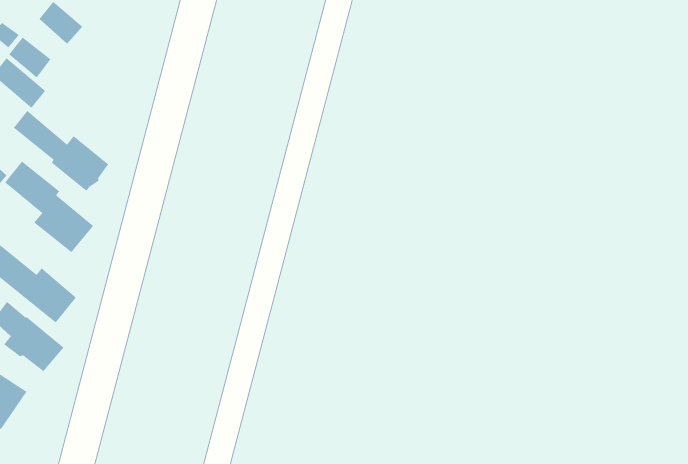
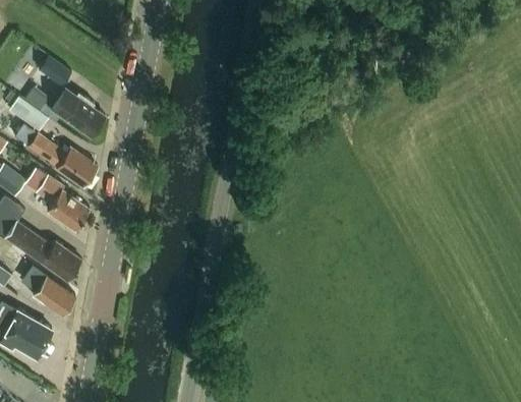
building: none -> [51,94,105,136]

